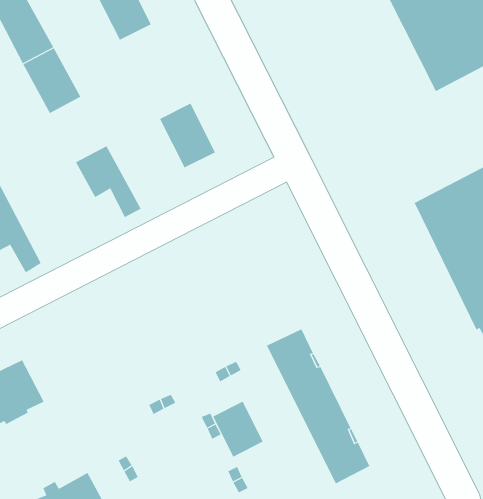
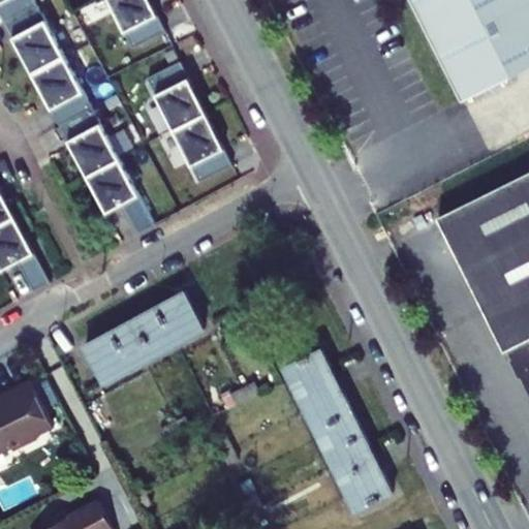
building: none -> [146,61,205,130]
building: none -> [57,107,117,176]
building: none -> [84,291,204,382]
building: [212,401,263,457] -> none

